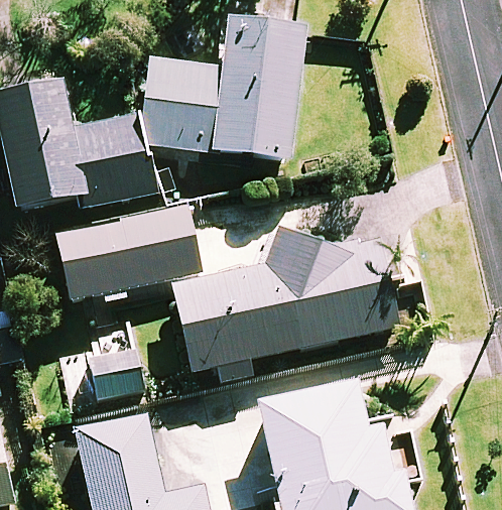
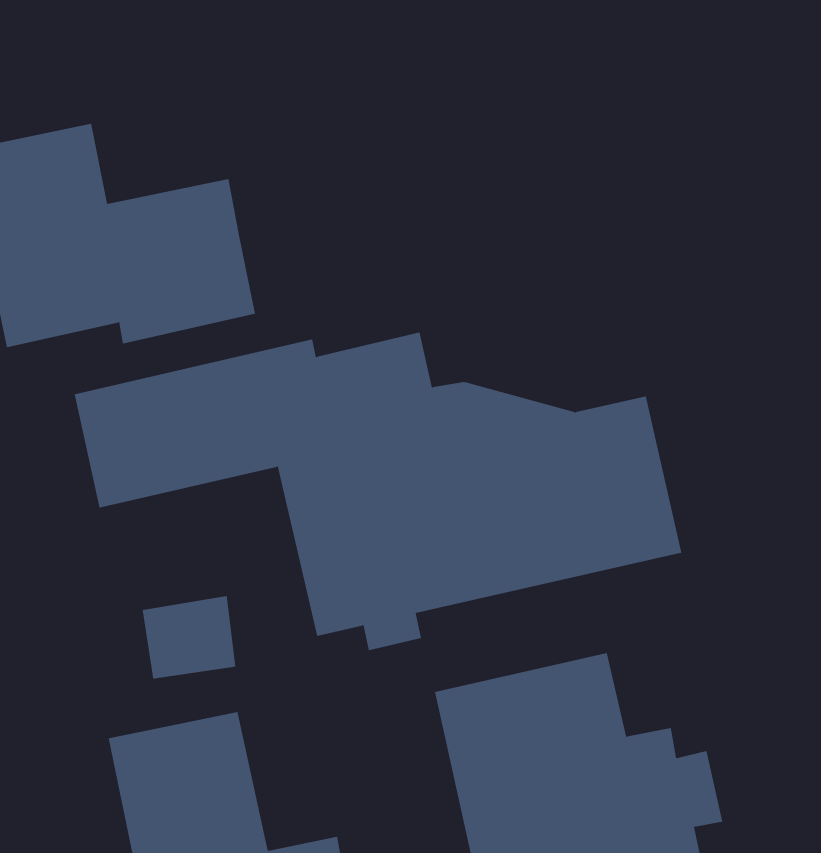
building: [143,18,305,158] -> none

